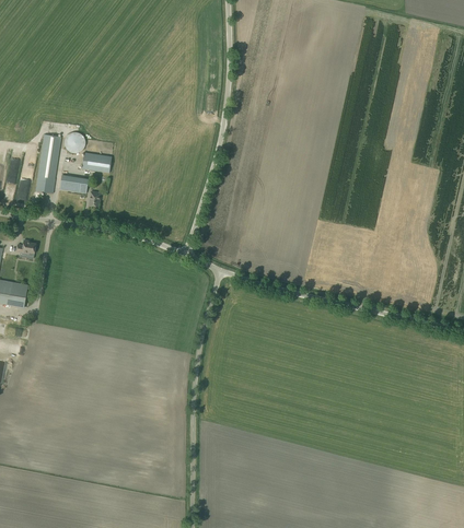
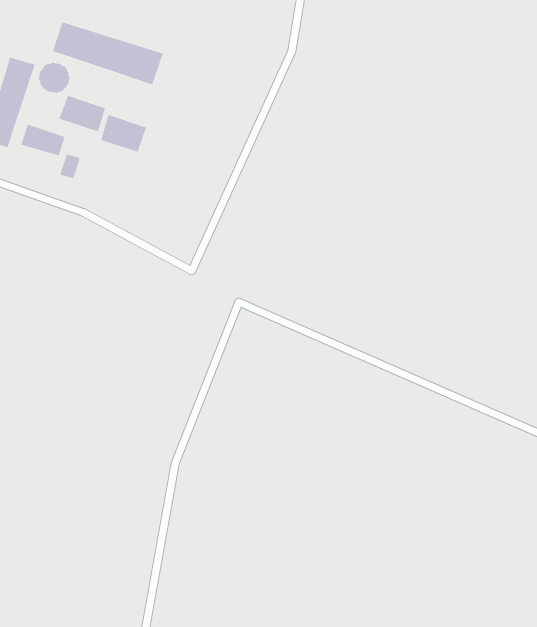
building: none -> [52,22,164,85]
building: none -> [100,114,147,153]

